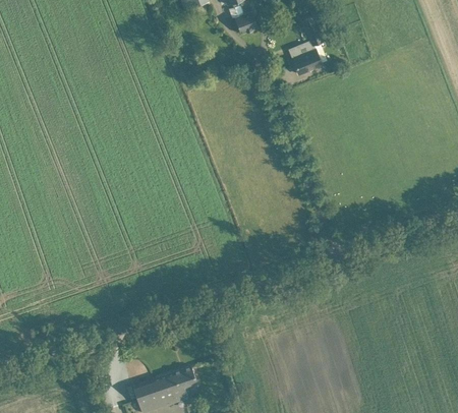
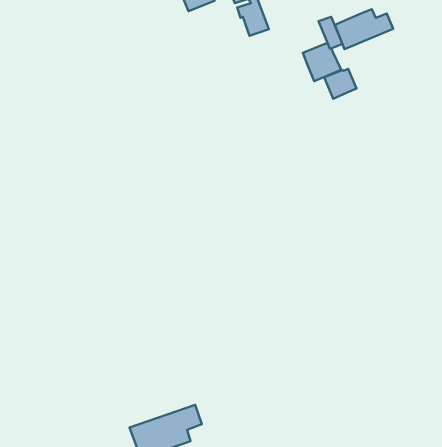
building: none -> [335,9,393,49]
building: none -> [324,69,357,99]

